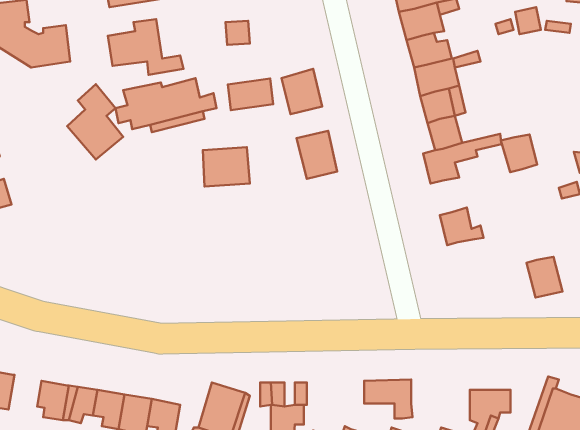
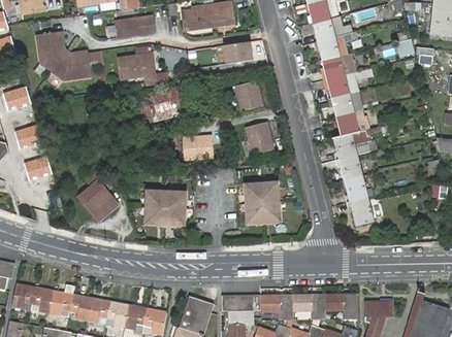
building: [228,78,273,110] -> [222,42,253,64]
building: [67,84,123,159] -> [78,168,117,220]
building: [501,134,537,172] -> [337,155,362,180]
building: none -> [244,183,278,224]
building: none -> [143,189,185,223]
building: [526,257,563,297] -> [349,197,374,225]
building: none -> [49,282,72,315]
building: none -> [324,293,357,318]
building: none -> [260,294,292,319]

